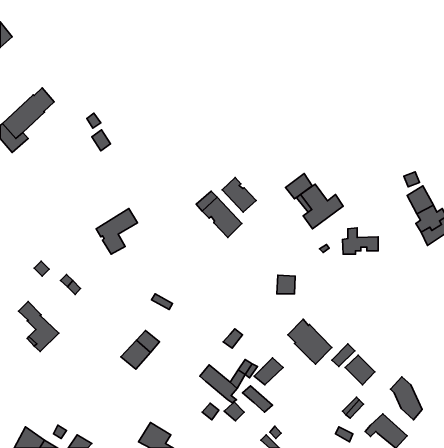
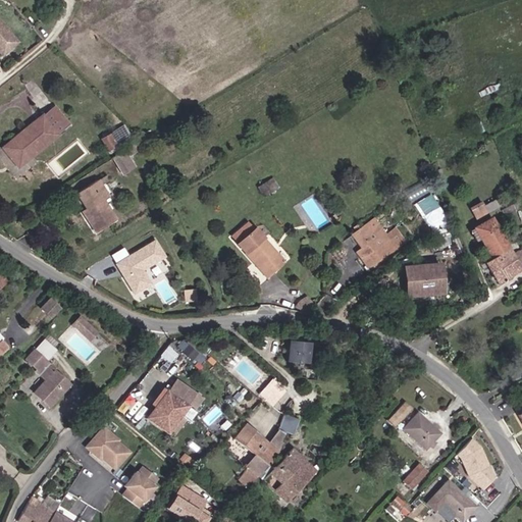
building: none -> [74,179,113,232]
building: none -> [417,193,446,220]
building: [285,174,312,199] -> none
building: [222,178,256,212] -> none
building: [277,275,295,294] -> [285,340,307,361]
building: [288,319,332,364] -> none
building: [254,358,283,385] -> [278,468,312,500]
building: none -> [89,428,130,469]
building: none -> [124,469,158,509]

